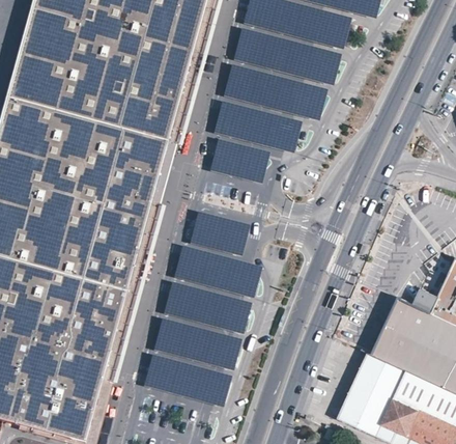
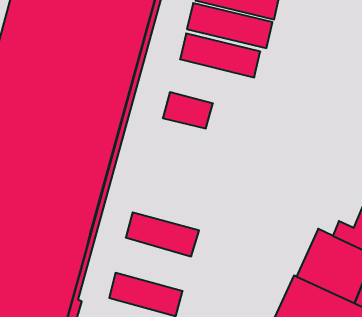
building: [219,101,300,148] -> none
building: [192,210,252,253] -> none
building: [174,244,260,294] -> none
building: [154,316,244,369] -> none

